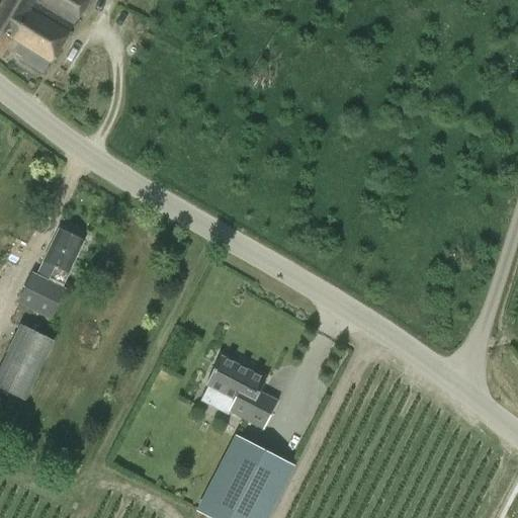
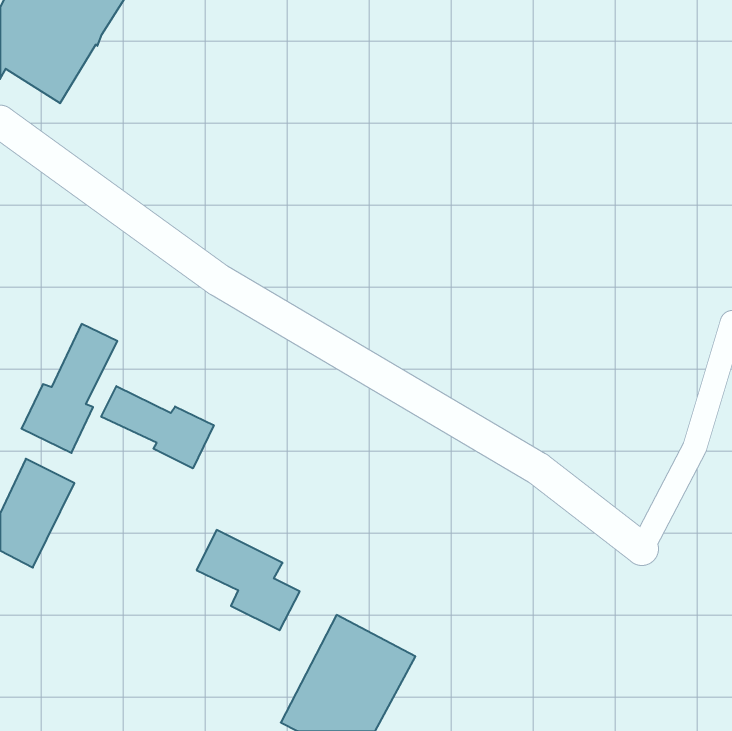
building: none -> [101,386,214,468]
building: [205,356,278,427] -> [197,530,300,630]

